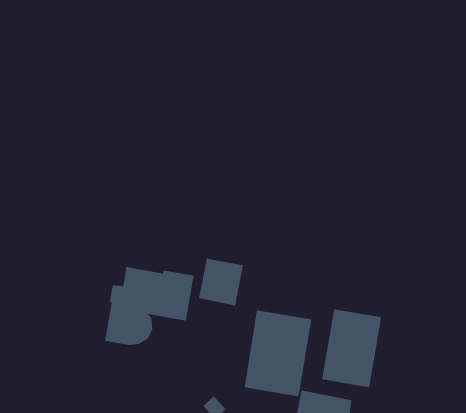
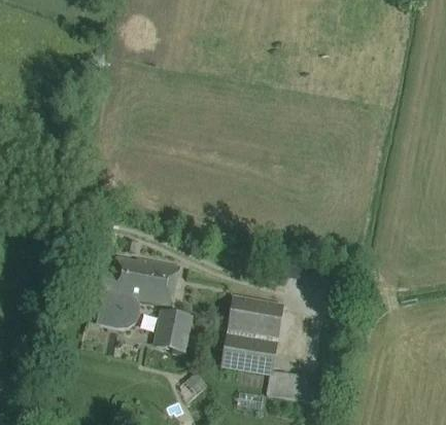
building: [198,258,244,306] -> [152,308,194,351]
building: [321,308,381,388] -> none

